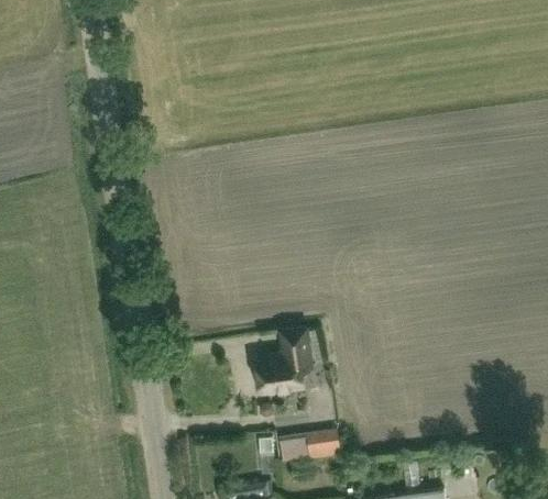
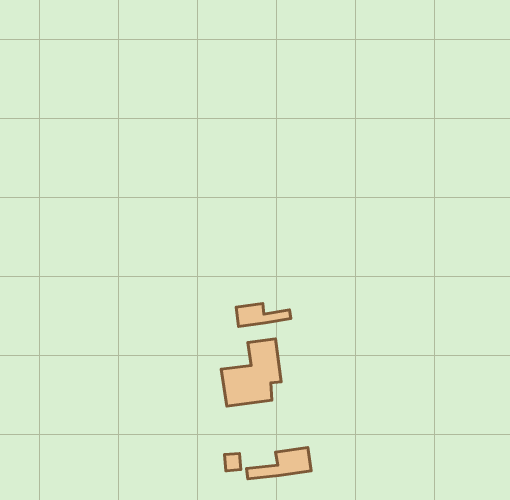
building: none -> [236,304,291,326]

